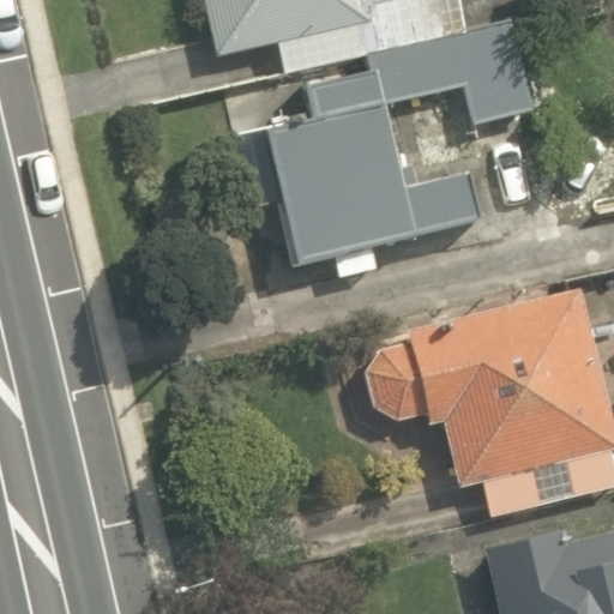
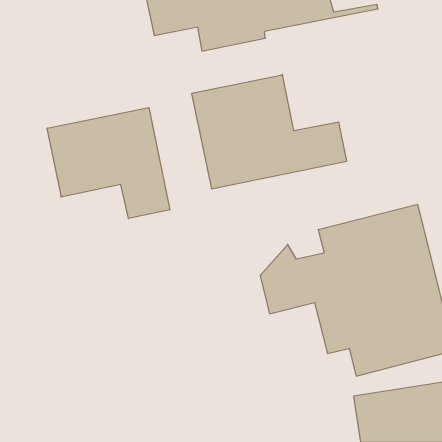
building: [372,28,522,120] -> none
building: none -> [47,108,170,219]

